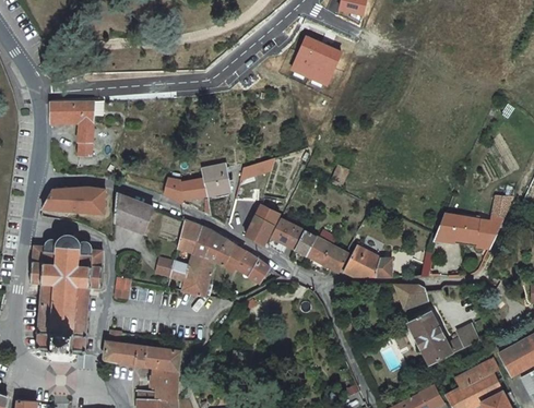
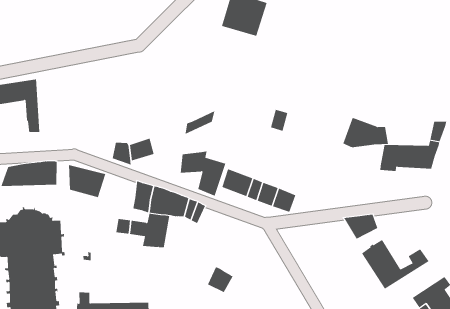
building: [201,164,228,195] -> none
building: [343,245,391,278] -> [343,117,389,148]
building: [241,255,270,284] -> [207,267,234,293]

